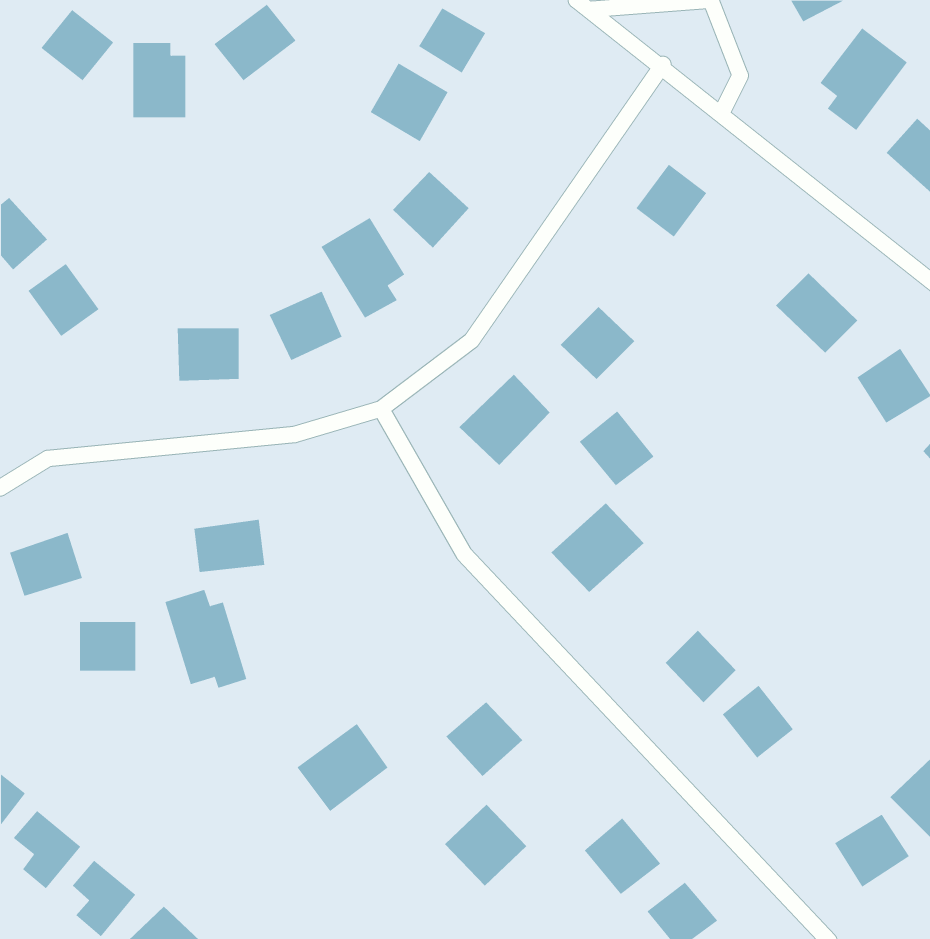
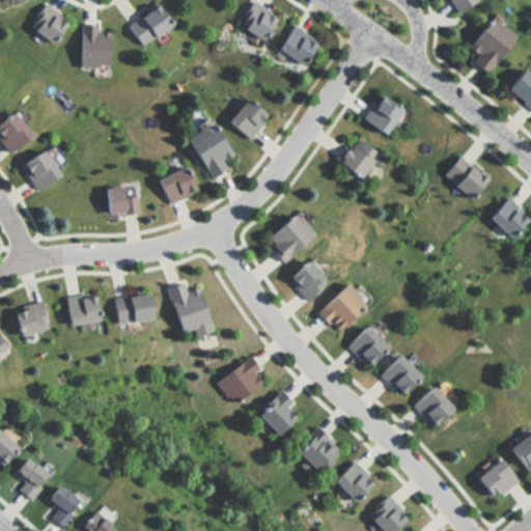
building: none -> [278,24,322,66]
building: [370,62,448,142] -> none
building: [560,306,635,380] -> [337,136,380,177]
building: [579,411,654,486] -> [288,259,331,302]
building: none -> [347,326,389,368]
building: [164,589,247,688] -> [168,280,215,336]
building: [79,621,136,671] -> [68,295,101,323]
building: [297,723,389,812] -> [217,357,269,407]
building: [444,804,527,887] -> [297,428,343,475]

